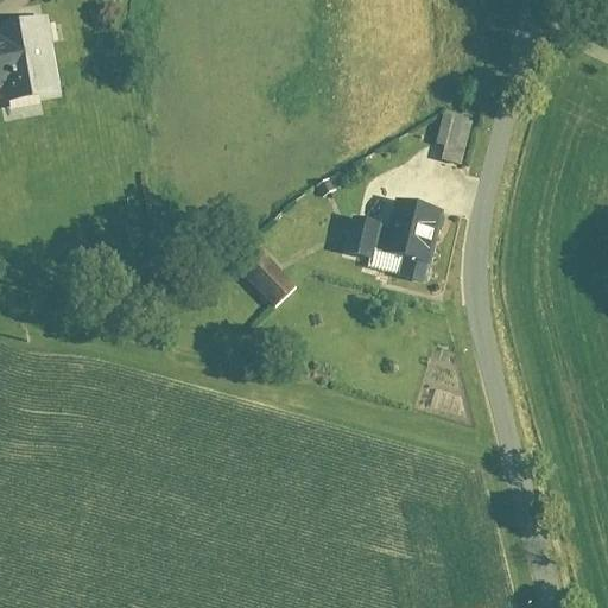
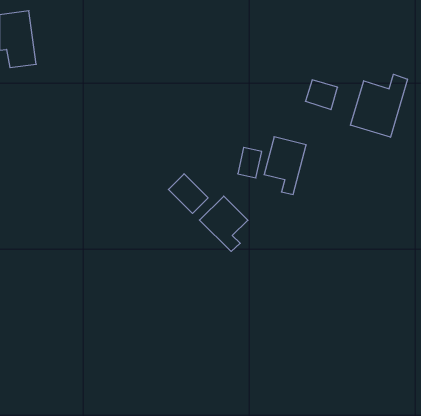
building: none -> [350,74,407,137]
building: none -> [199,196,248,251]

